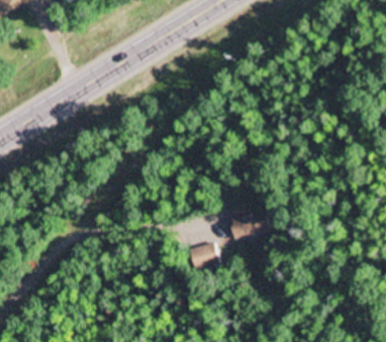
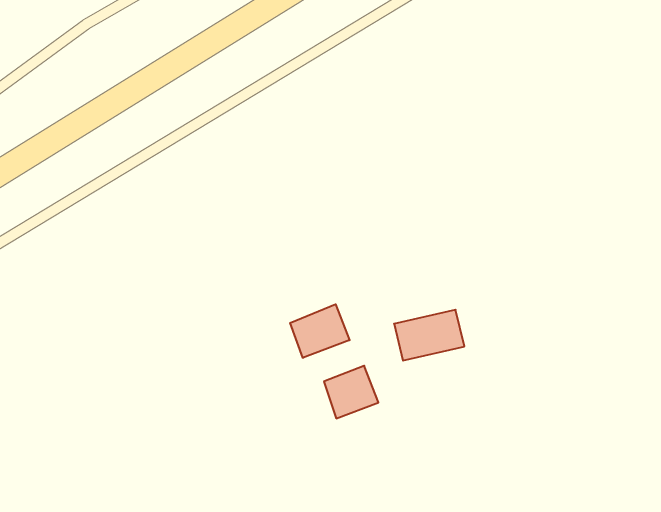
building: none -> [290,304,350,358]

